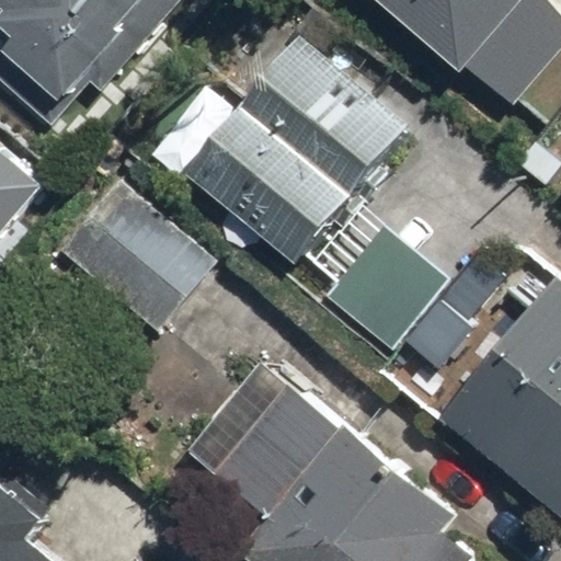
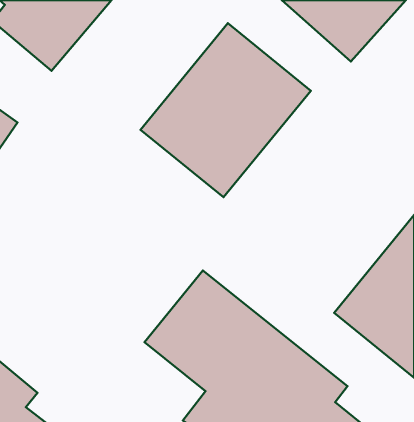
building: [57,171,221,331] -> none
building: [323,226,445,348] -> none

